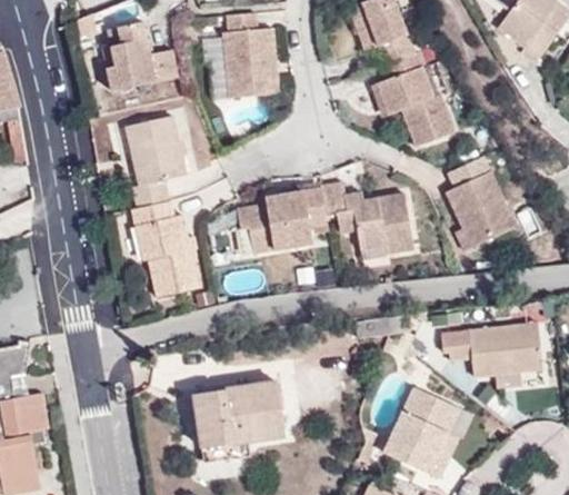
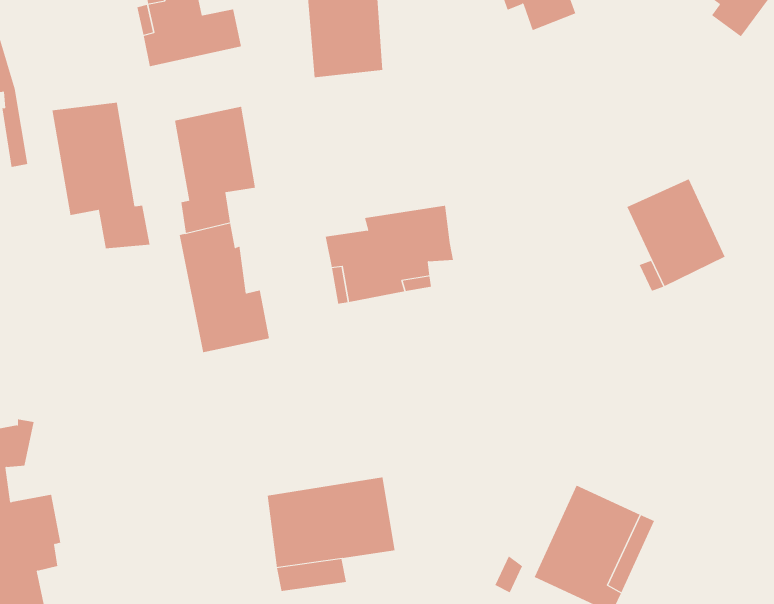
building: [377,50,453,147] -> none
building: none -> [52,102,150,249]
building: [320,181,413,253] -> none
building: [441,320,542,386] -> none

